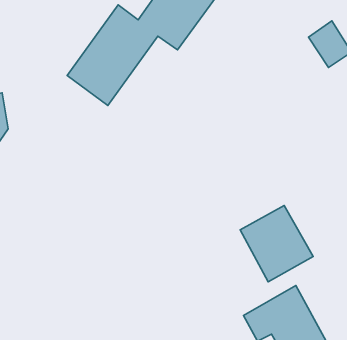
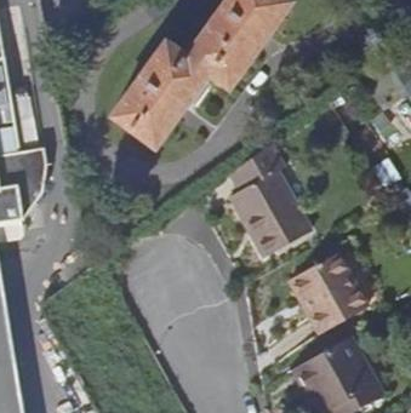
building: none -> [232,144,312,258]

